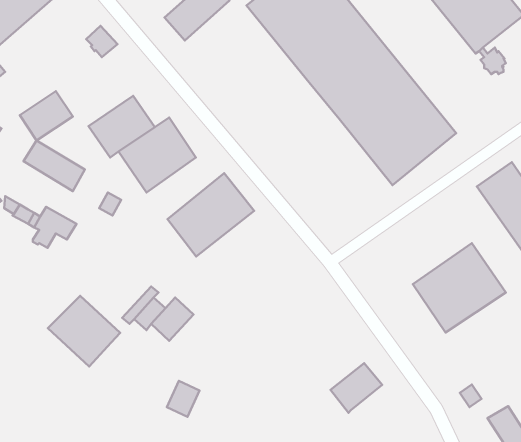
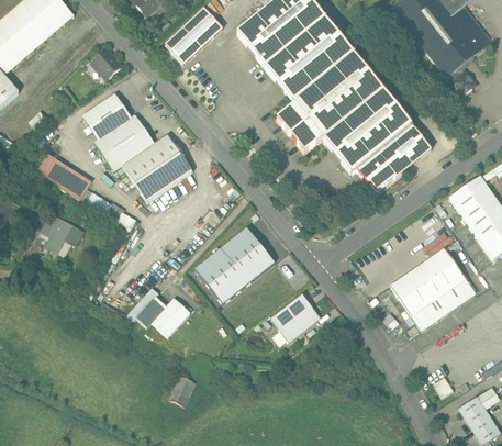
building: none -> [277,102,323,150]
building: [20,91,73,141] -> [82,94,131,140]
building: [167,173,254,257] -> [194,227,274,303]
building: [48,296,120,367] -> none
building: [330,363,382,413] -> [271,297,319,342]

